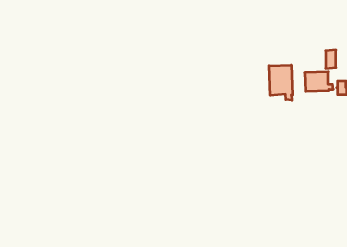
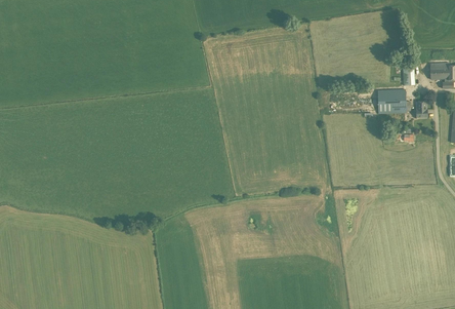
building: [269,65,293,100] -> none

